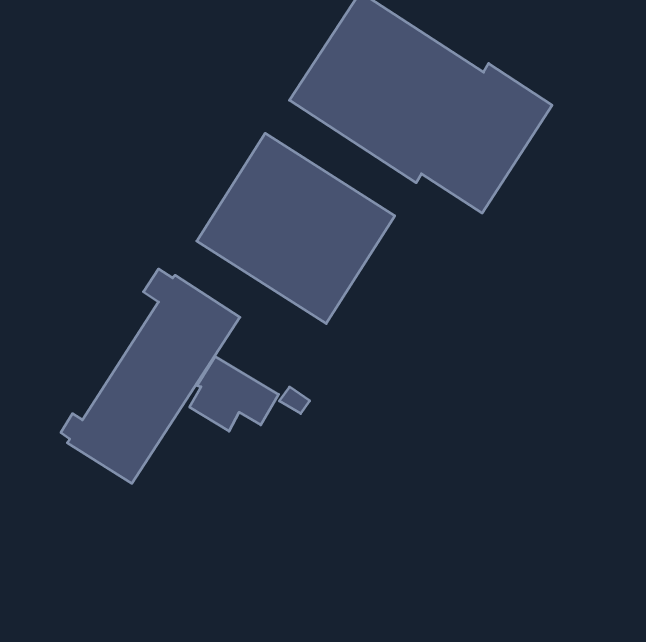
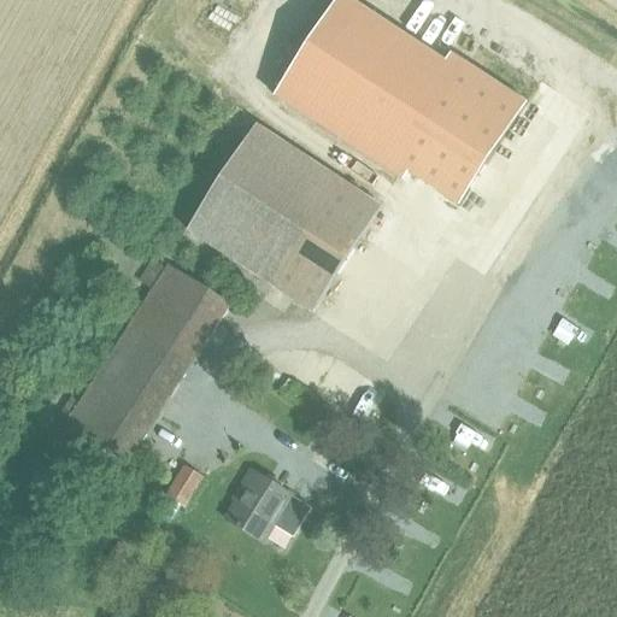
building: [190,356,279,431] -> [223,468,307,539]
building: none -> [164,463,200,503]

